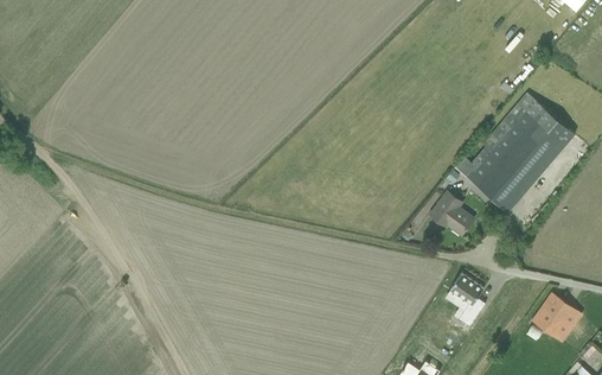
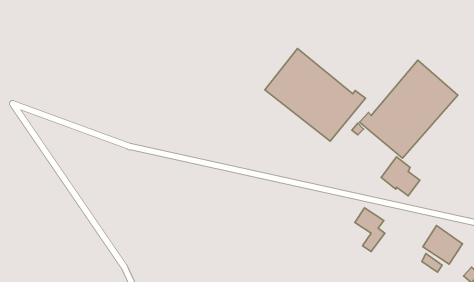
building: none -> [265,48,365,141]
building: [429,190,476,237] -> [381,157,420,196]

